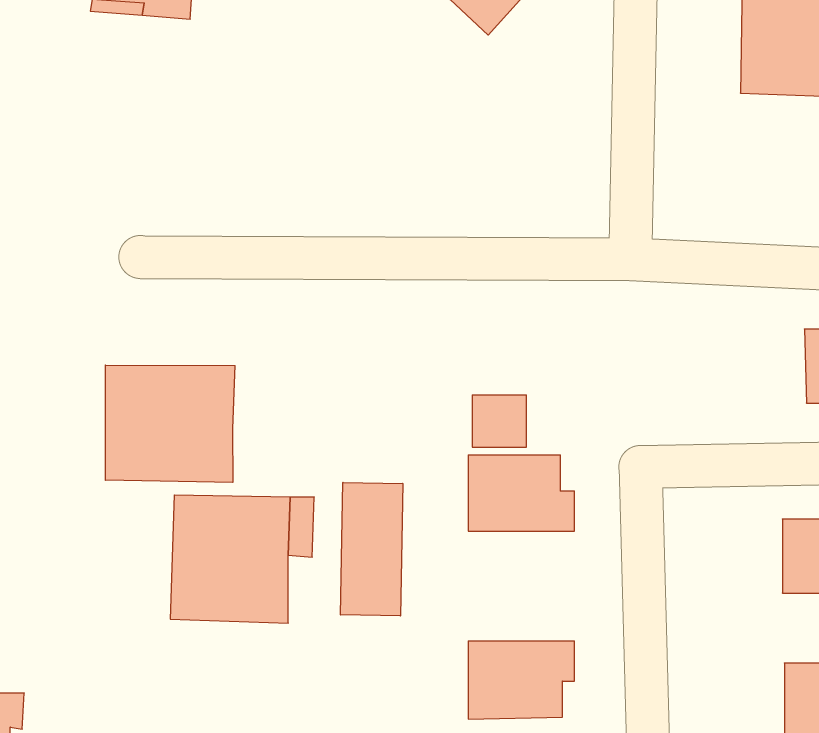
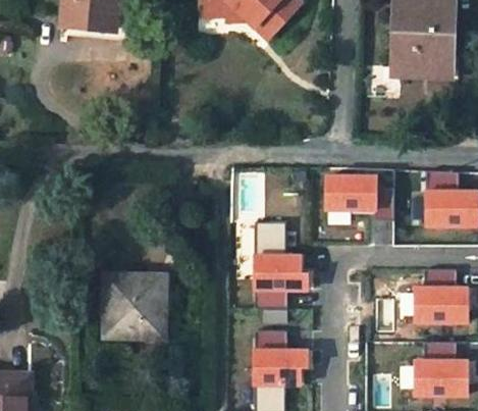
building: none -> [324,173,378,211]
building: [105,365,235,482] -> none
building: [341,482,403,616] -> none

